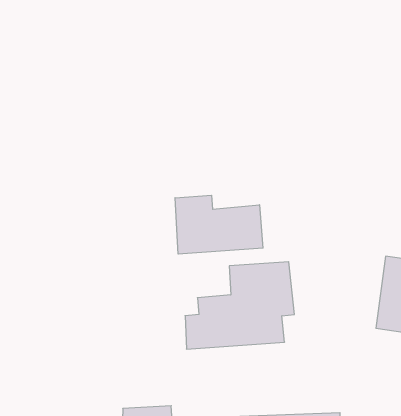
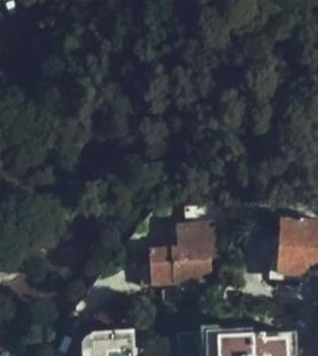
building: [175,195,263,254] -> none

